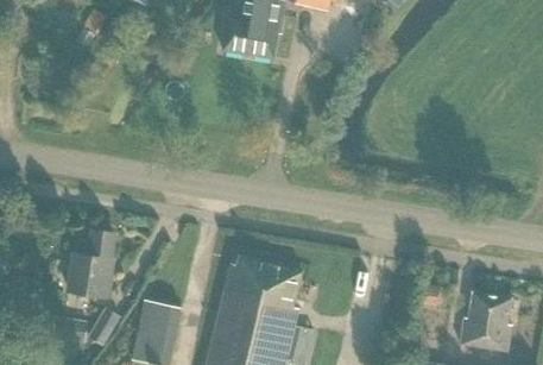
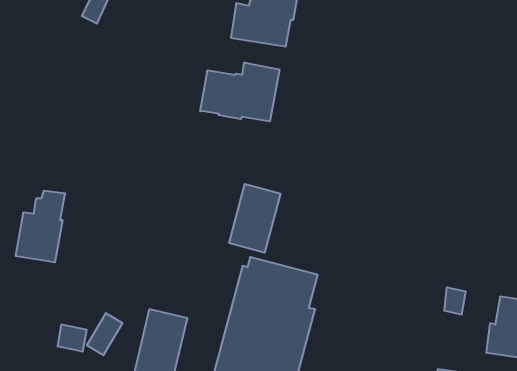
building: none -> [200,62,280,121]
building: none -> [229,184,280,253]
building: [68,231,114,297] -> [16,191,65,262]

